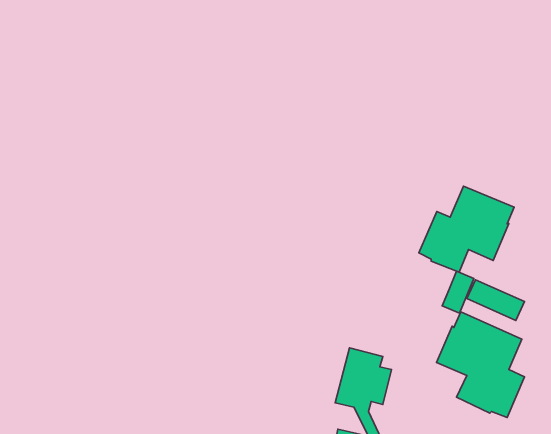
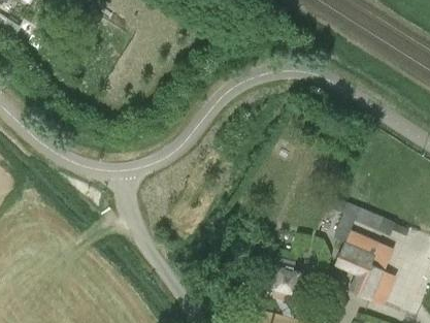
building: [419,186,514,272] -> none

